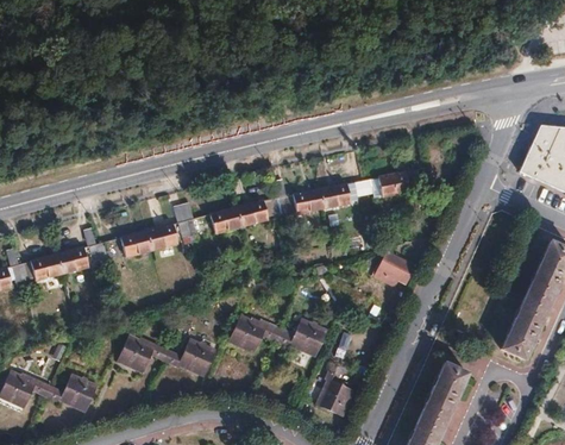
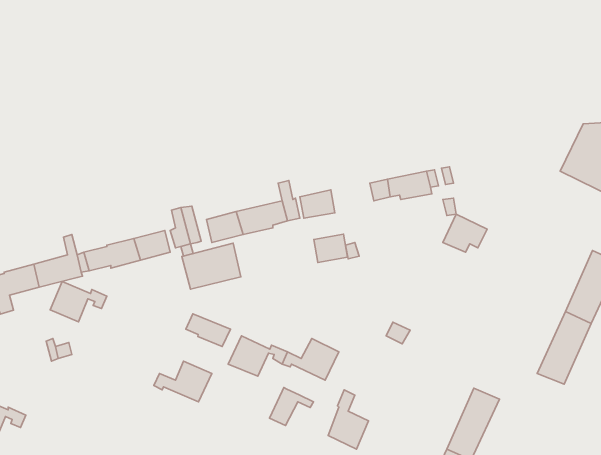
building: [320,183,350,208] -> [314,234,348,262]
building: none -> [182,243,241,289]
building: [375,252,414,286] -> [443,214,487,252]
building: none -> [186,314,230,346]
building: [119,337,169,372] -> [50,281,107,322]
building: none -> [269,387,313,425]
building: [46,375,98,412] -> none

